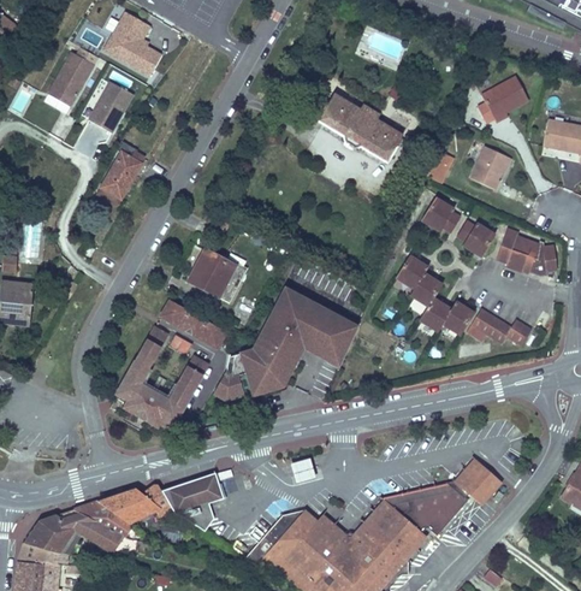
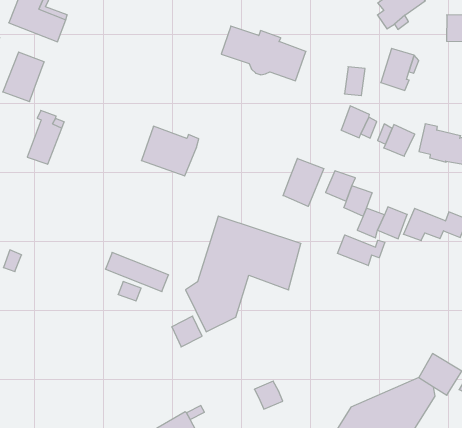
building: none -> [283,158,324,206]
building: [186,247,248,302] -> [141,126,199,176]
building: none -> [338,235,385,266]
building: [109,333,202,433] -> none

